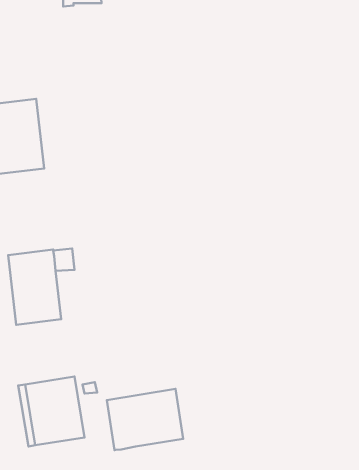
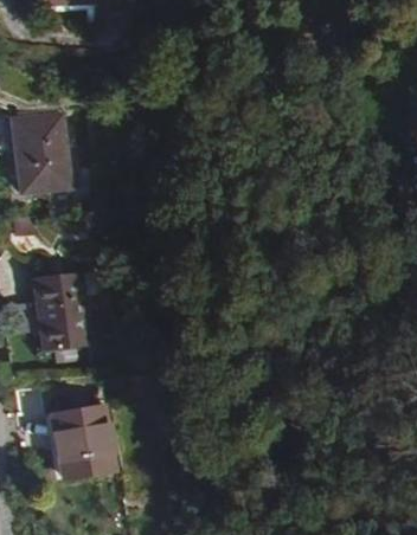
building: [107,389,183,450] -> none

